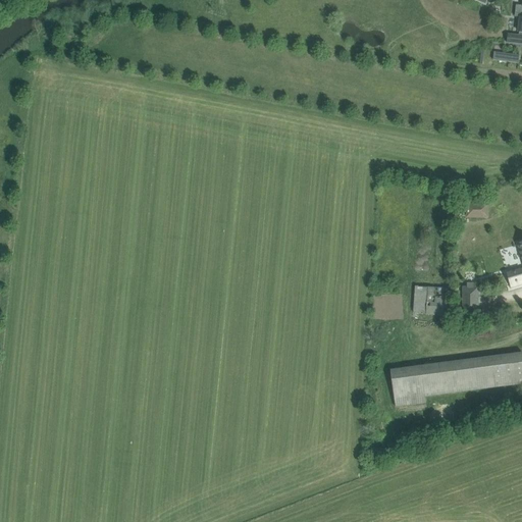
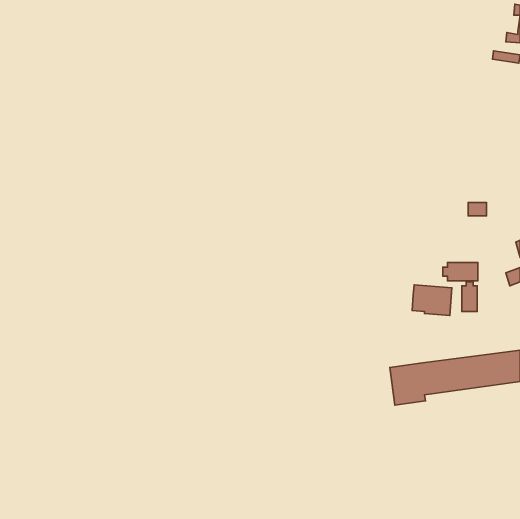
building: none -> [443,262,478,281]

